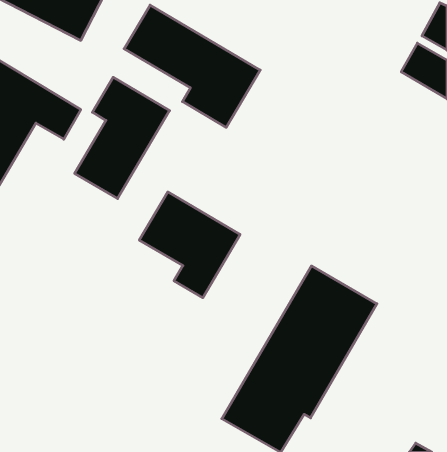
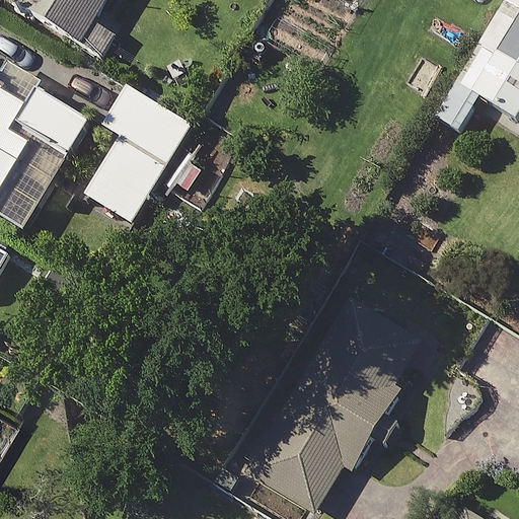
building: [124,5,260,127] -> none
building: [139,192,240,298] -> none

